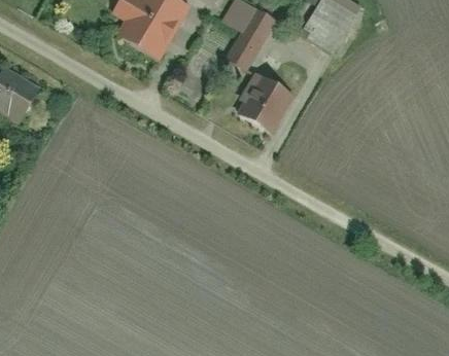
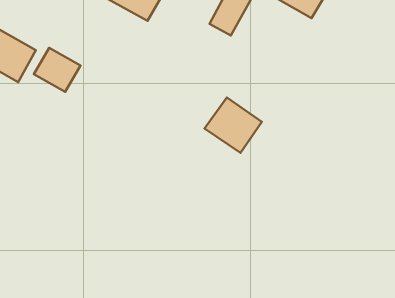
building: [238,70,299,129] -> [204,97,262,153]
building: none -> [34,48,80,92]

